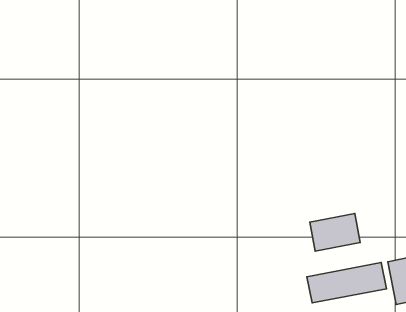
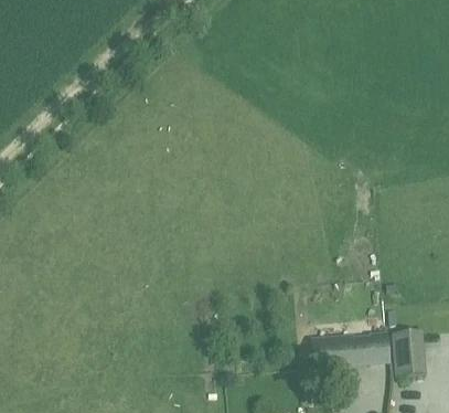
building: [310,214,360,251] -> none

